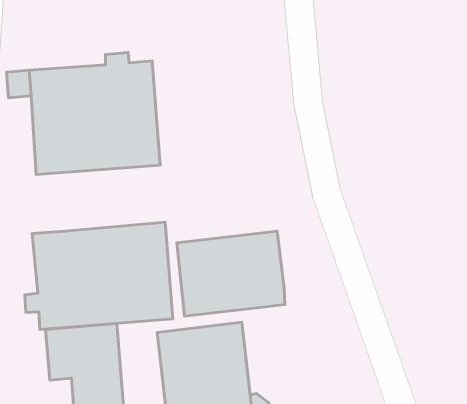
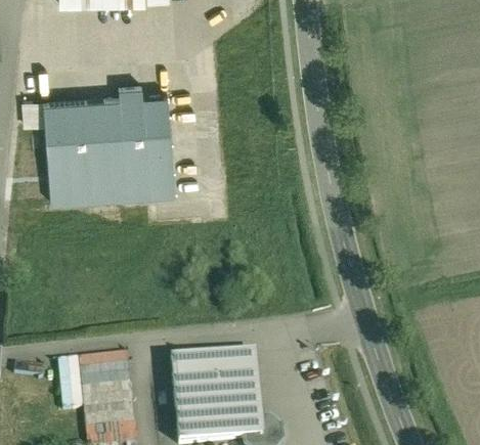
building: [25,222,173,329] -> none
building: [177,231,285,316] -> none

